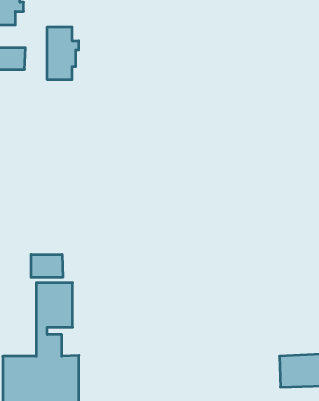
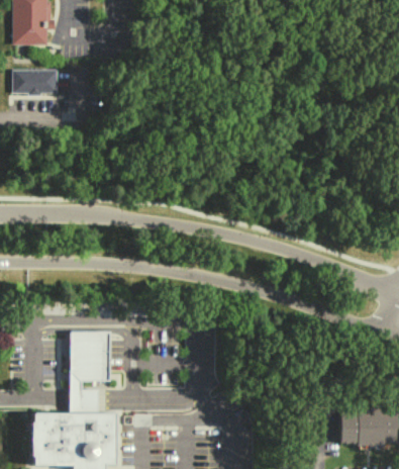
building: [47,27,79,80] -> none
building: [31,254,63,277] -> none

